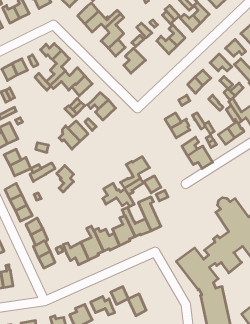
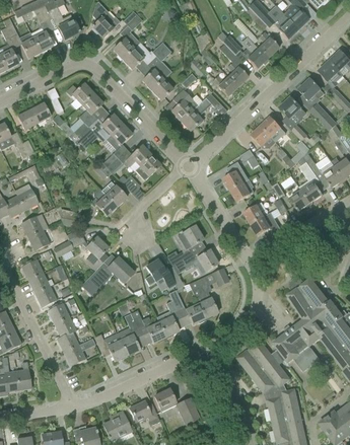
building: none -> [180,93,219,131]
building: none -> [81,256,133,290]

